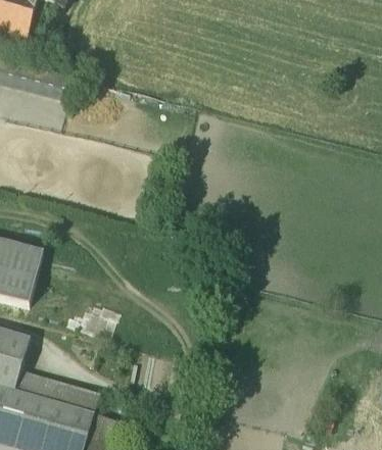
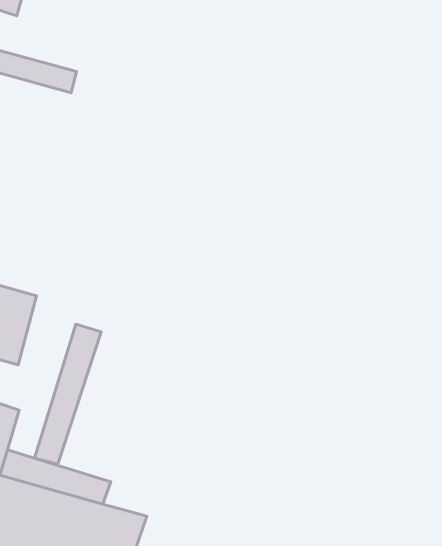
building: none -> [34,324,101,464]

